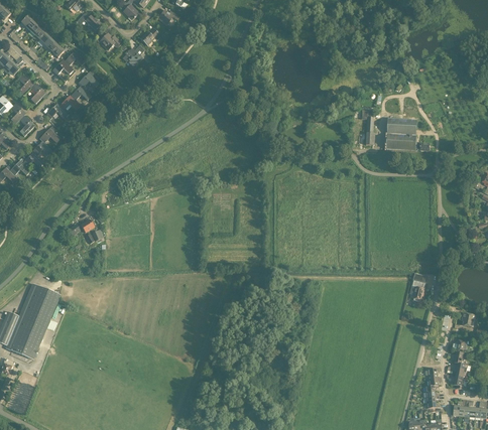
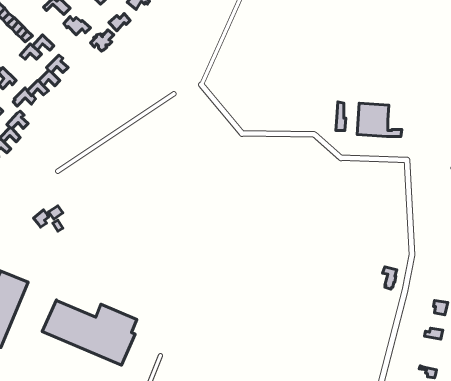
building: none -> [42,300,137,365]

